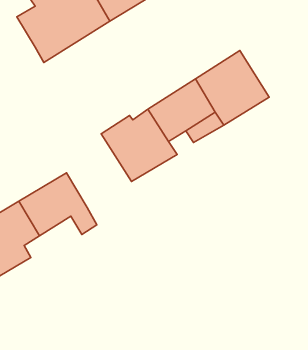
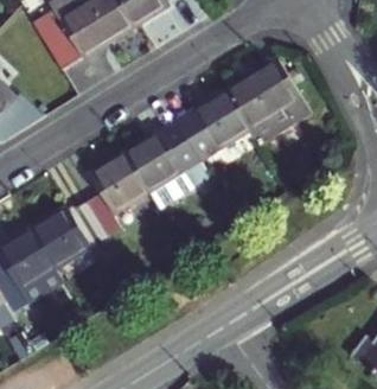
building: none -> [87,151,160,231]

